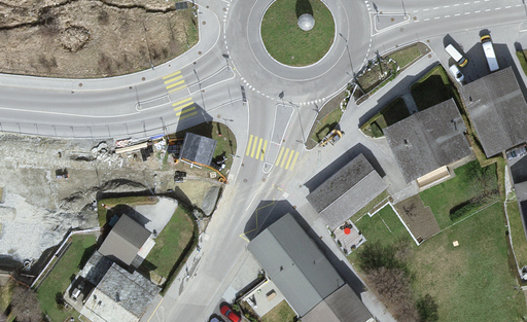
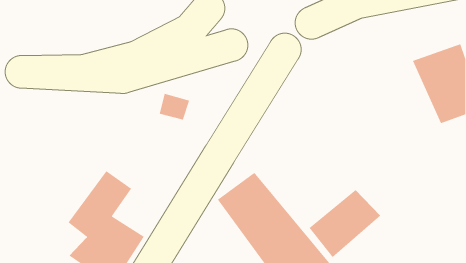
building: [388,99,476,181] -> none
building: [304,152,385,229] -> [308,189,381,258]

